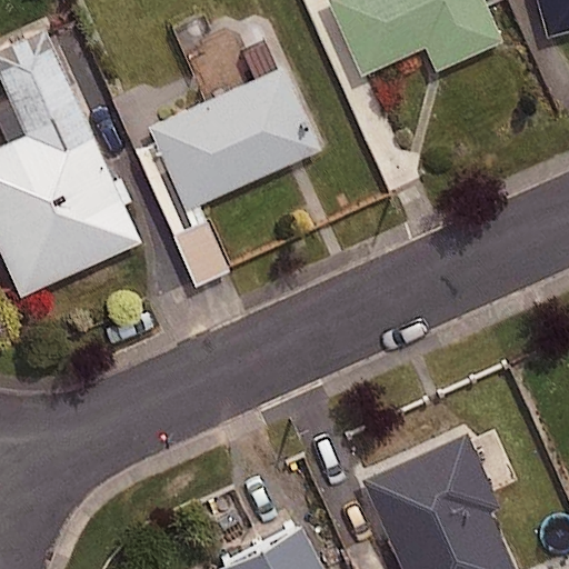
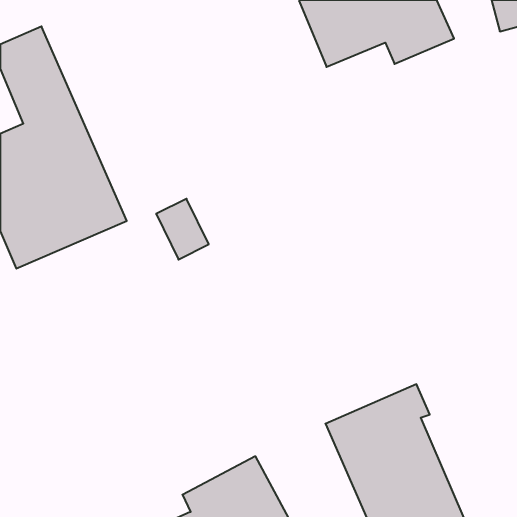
building: [150,72,313,210] -> none

